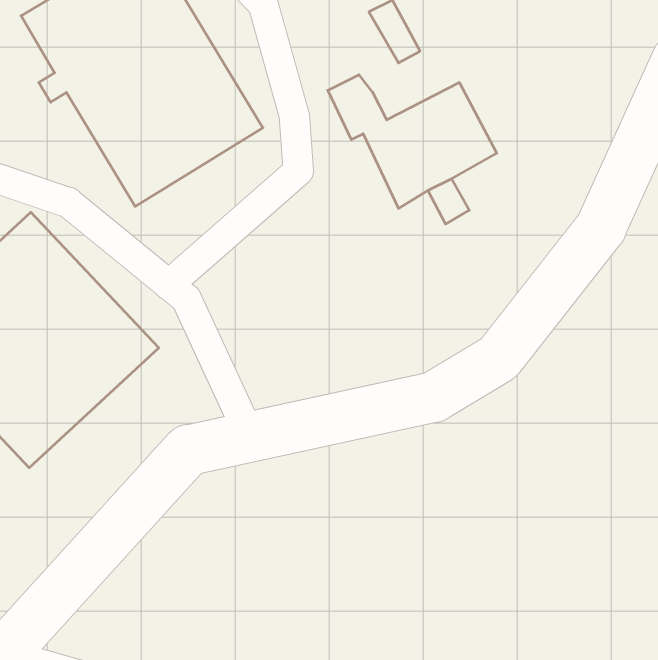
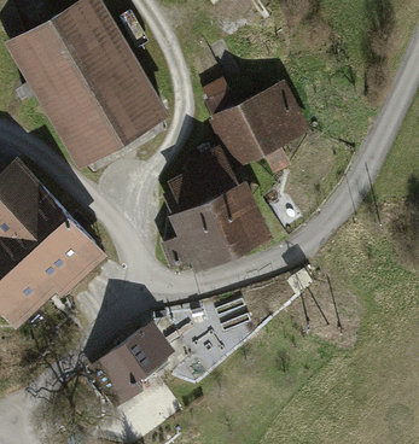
building: none -> [165,156,263,268]
building: none -> [93,325,173,403]

